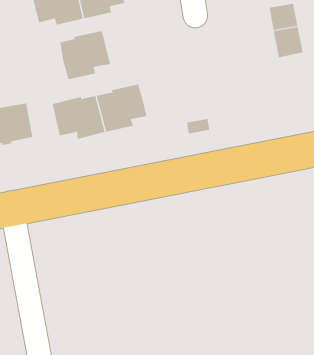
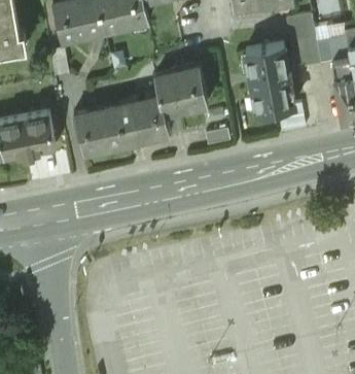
building: [60,31,111,80] -> [156,66,207,114]
building: none -> [246,46,295,113]

